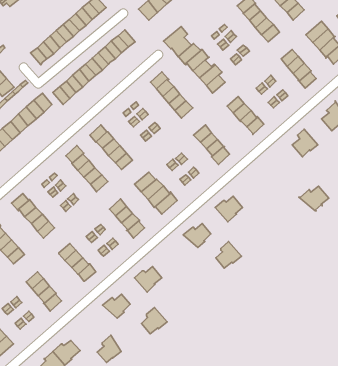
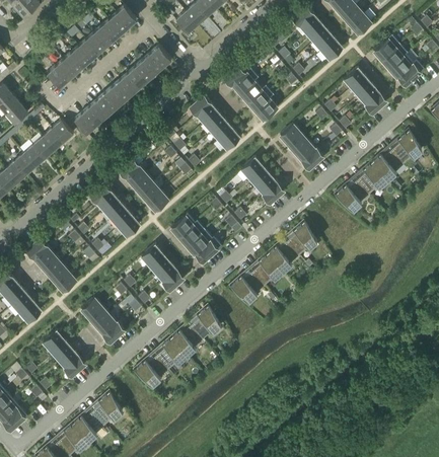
building: [163,27,192,57] -> none
building: none -> [371,150,404,180]
building: none -> [287,222,316,254]
building: [299,186,329,211] -> [334,180,369,210]
building: [216,242,241,268] -> [250,254,281,286]
building: none -> [192,305,220,337]
building: [141,307,167,334] -> [155,337,186,369]
building: [97,335,121,363] -> [95,391,124,424]

